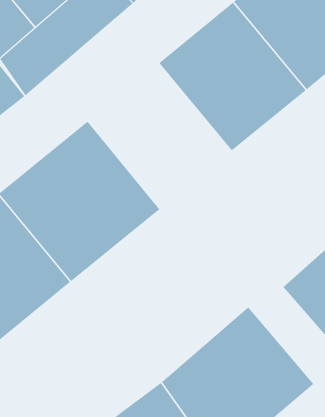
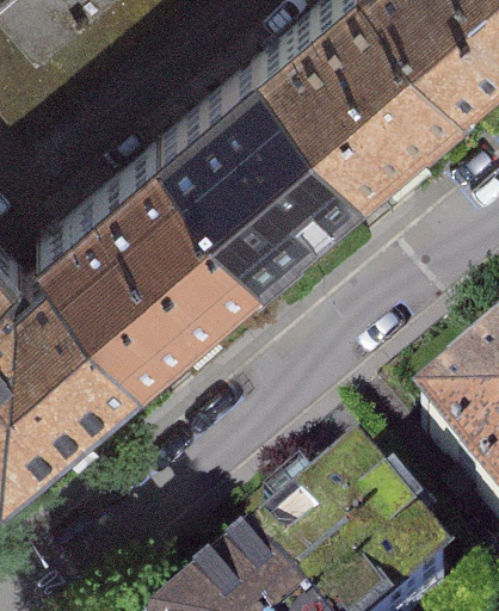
building: none -> [149,92,351,297]

